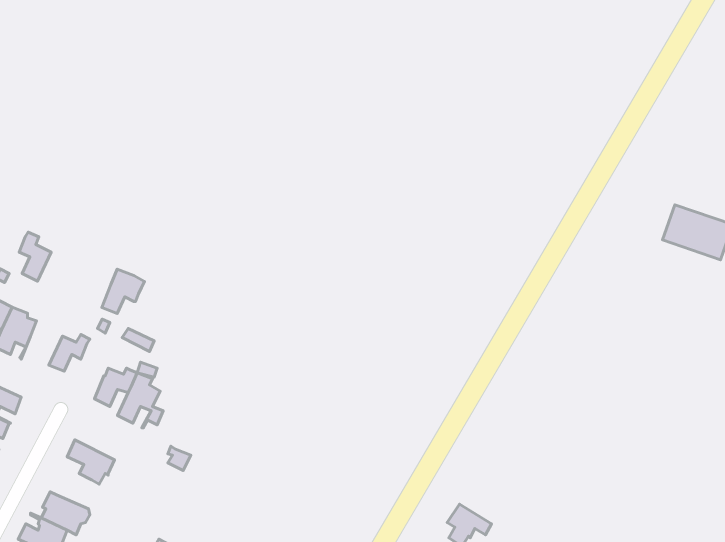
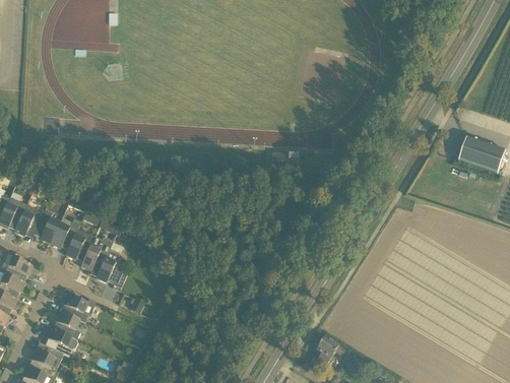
building: [19,232,51,281] -> [38,211,59,244]
building: [102,269,145,314] -> [65,230,93,259]
building: none -> [54,311,79,339]

